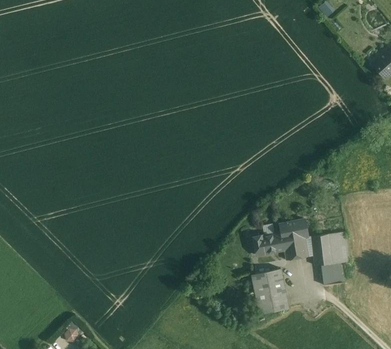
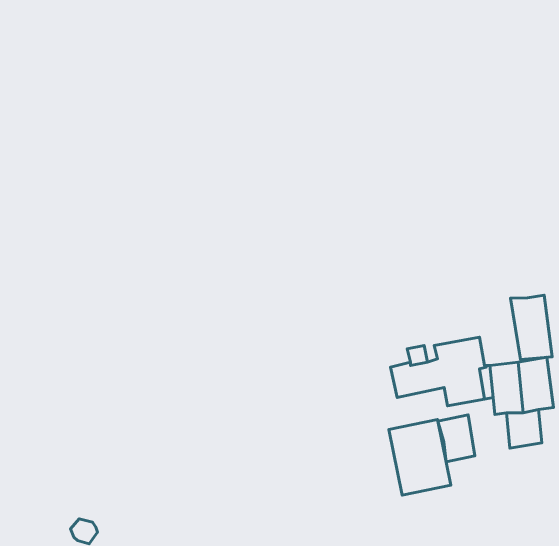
building: none -> [510,295,552,359]
building: none -> [438,415,475,462]

